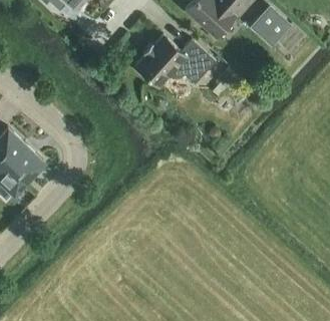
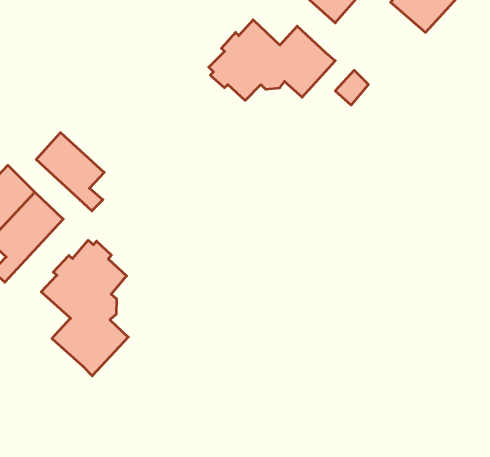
building: none -> [36,133,104,211]
building: none -> [41,240,128,376]

